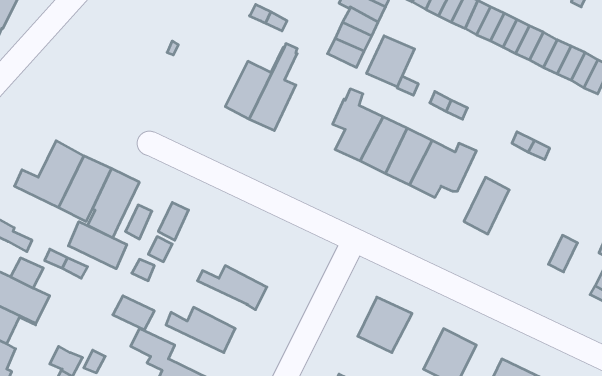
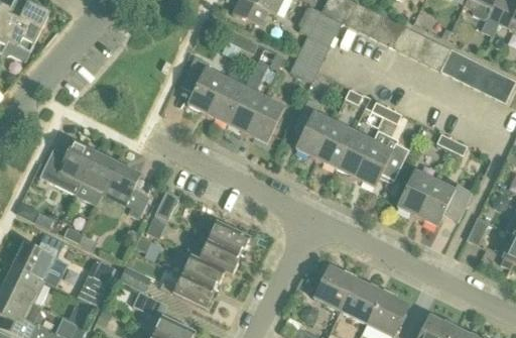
building: none -> [180,54,226,113]
building: [367,36,415,87] -> none
building: none -> [247,96,284,142]
building: none -> [417,180,473,225]
building: [68,222,127,269] -> none
building: none -> [200,215,251,257]
building: none -> [174,248,226,291]
building: none -> [77,274,108,307]
building: none -> [341,278,382,323]

